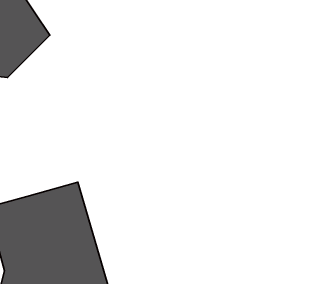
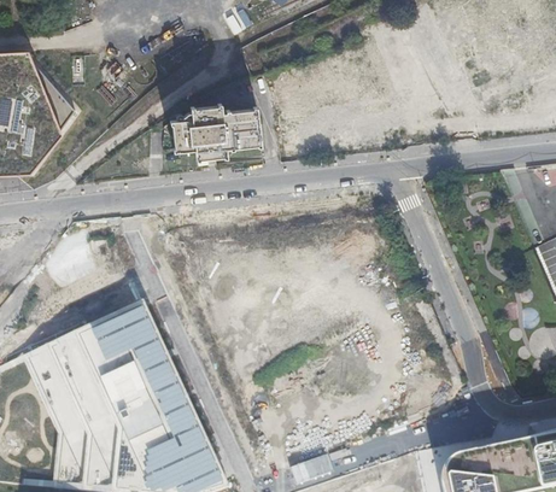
building: none -> [170,99,261,156]

